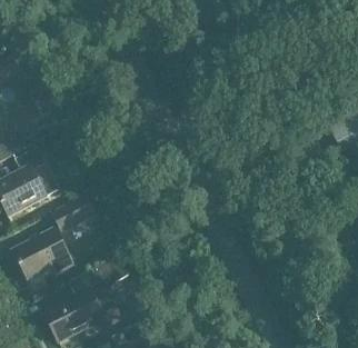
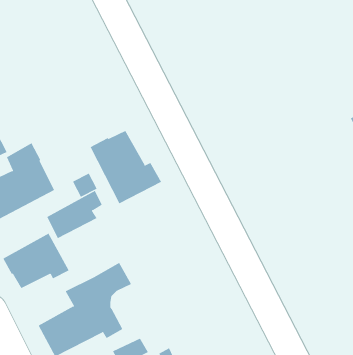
building: none -> [90,130,162,204]

